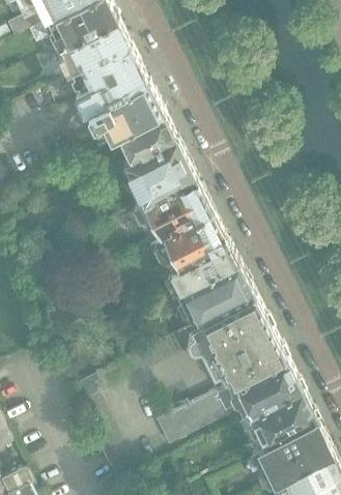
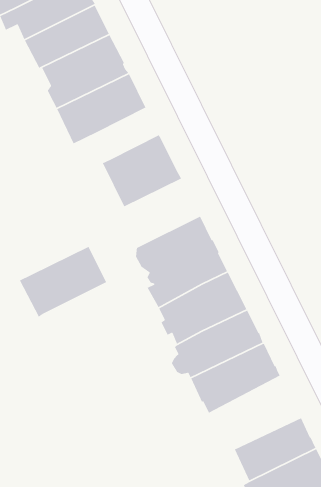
building: [116,111,172,157] -> none
building: [130,175,209,240] -> [19,246,107,318]
building: [151,353,301,445] -> none

